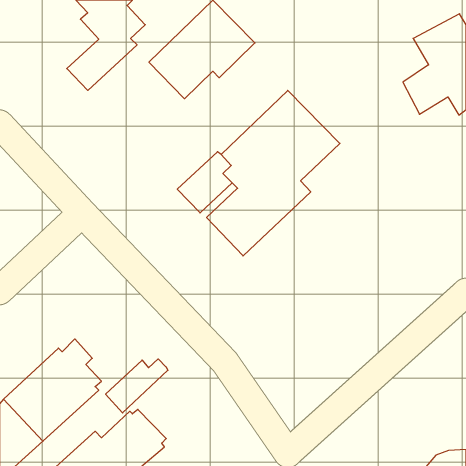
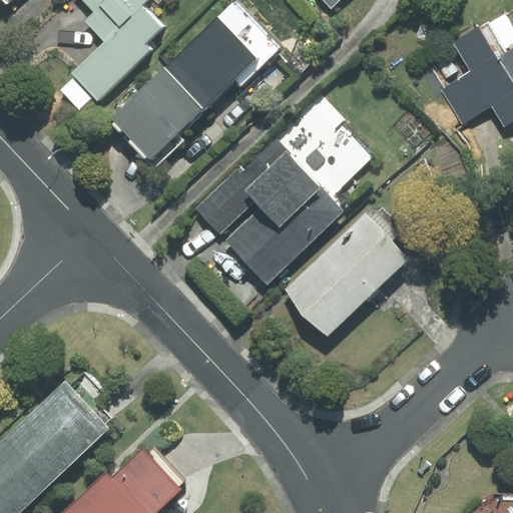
building: none -> [109,69,202,167]
building: none -> [285,216,406,335]
building: [106,359,168,413] -> none

